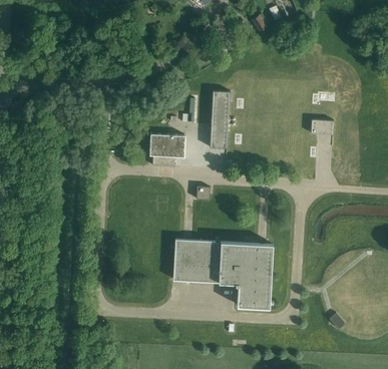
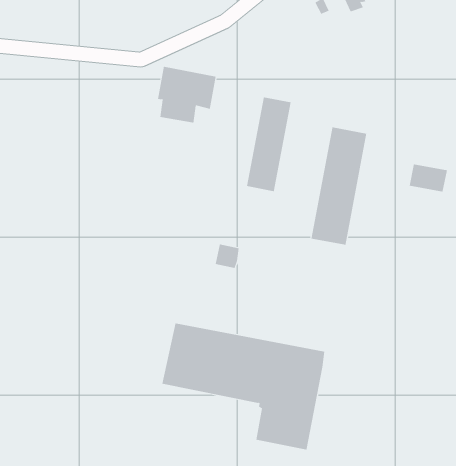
building: none -> [311,127,367,246]
building: [149,134,184,167] -> [157,66,217,123]

